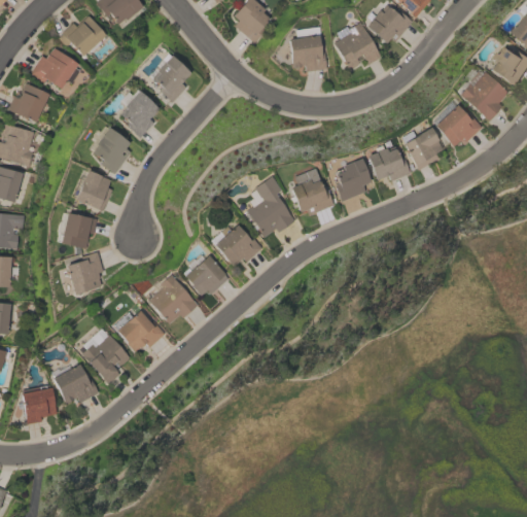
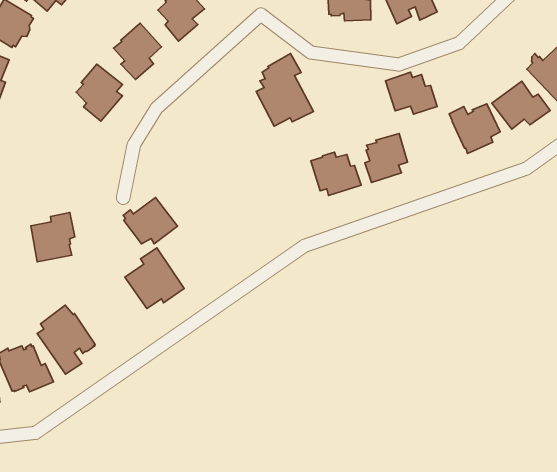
building: [365,147,410,181] -> [386,72,437,114]
building: [75,170,112,210] -> none
building: [246,176,294,237] -> [256,54,313,126]
building: [58,213,98,248] -> none
building: [214,225,261,266] -> none
building: [183,255,229,295] -> [123,197,177,244]
building: [115,311,165,352] -> none

